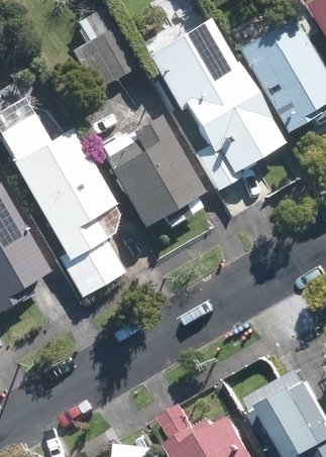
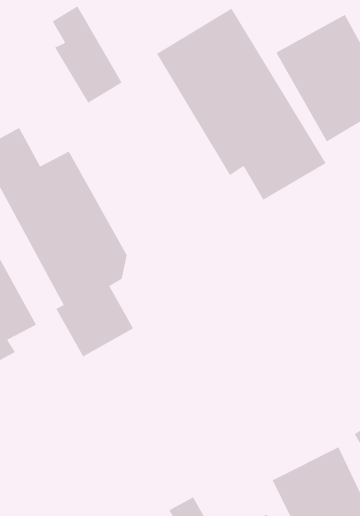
building: [108,110,209,227] -> none

